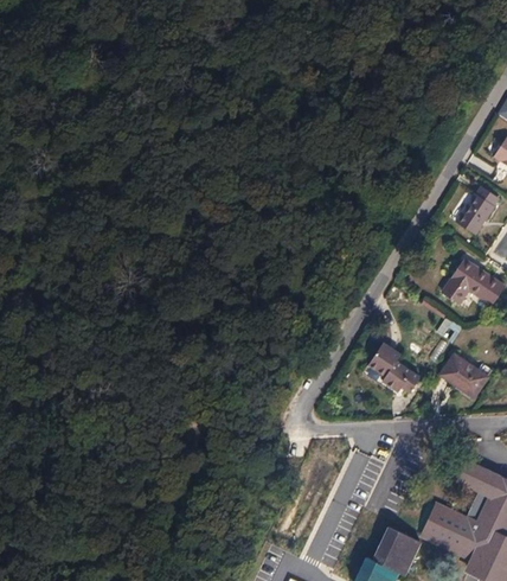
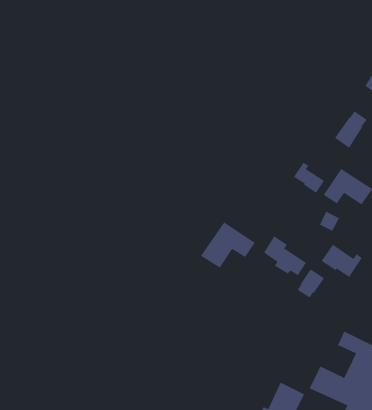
building: none -> [293,162,325,194]
building: none -> [200,222,256,269]
building: none -> [297,269,325,298]

